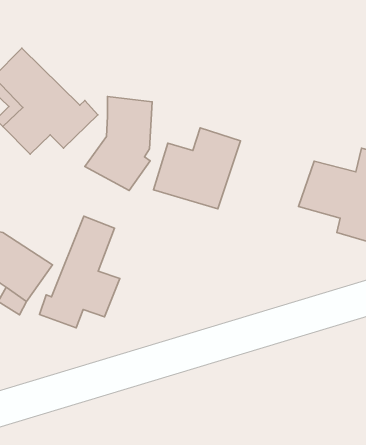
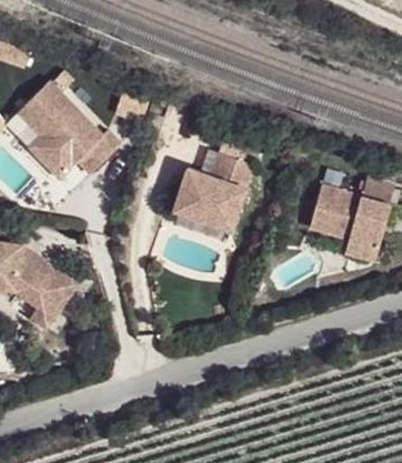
building: [85,96,152,190] -> none
building: [39,216,120,328] -> none

